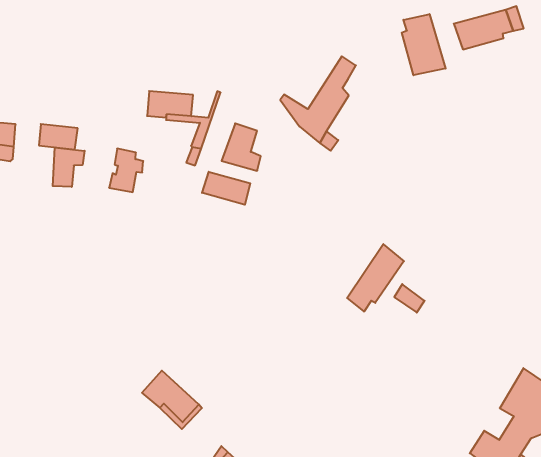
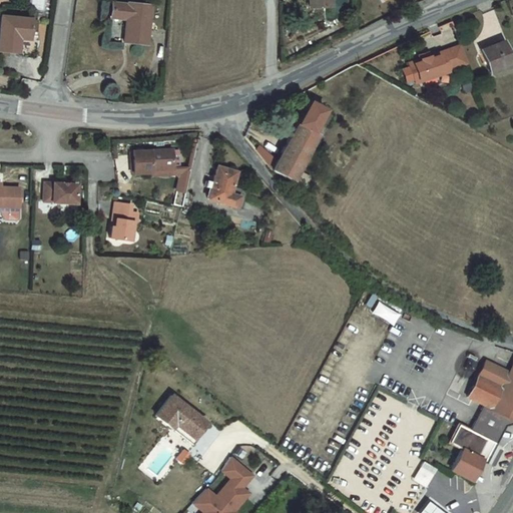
building: [402,14,446,75] -> none
building: [53,147,85,187] -> none
building: [202,172,250,205] -> none
building: [347,244,404,312] -> none

